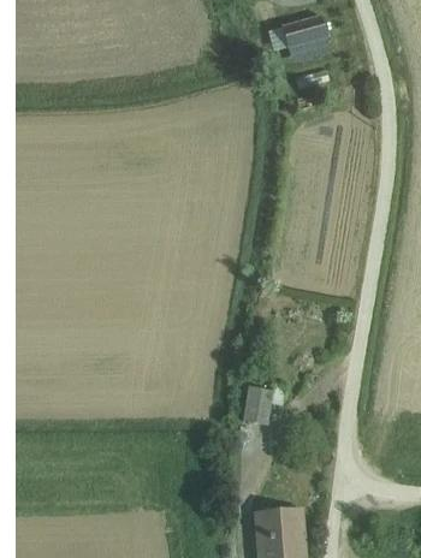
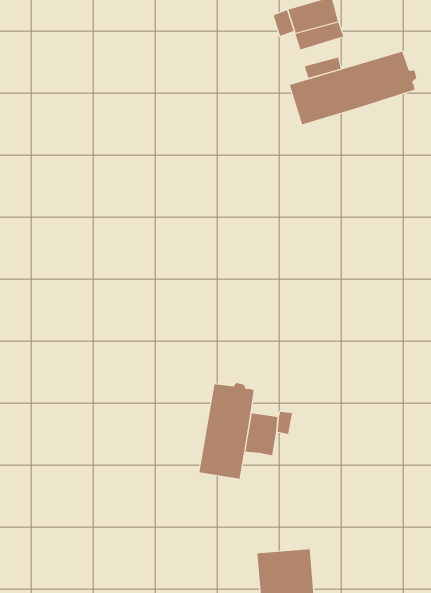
building: none -> [289,51,417,125]
building: none -> [199,382,254,479]

